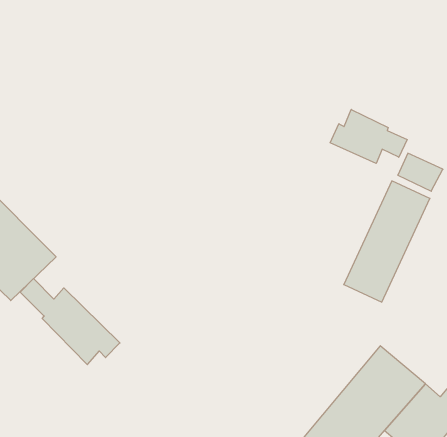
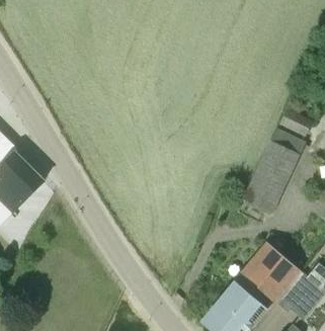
building: [330,109,407,163] -> none
building: [20,279,120,365] -> none

